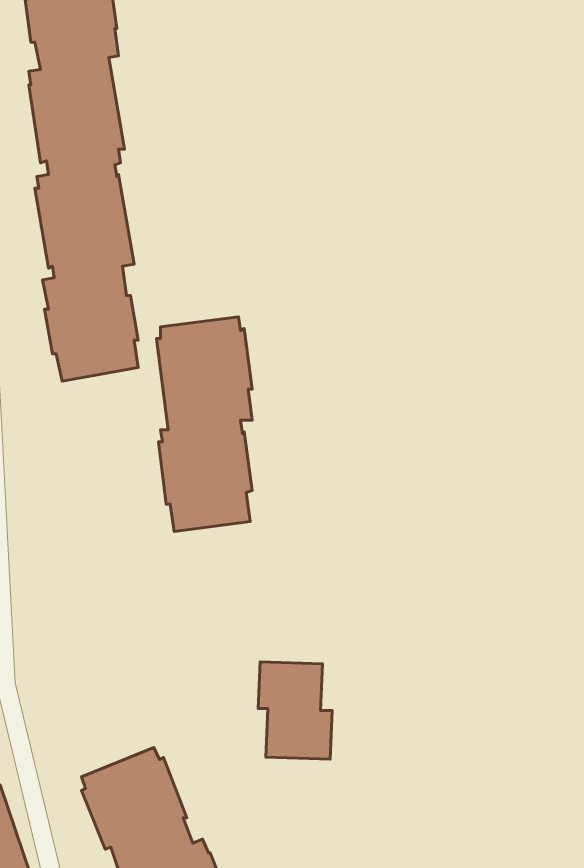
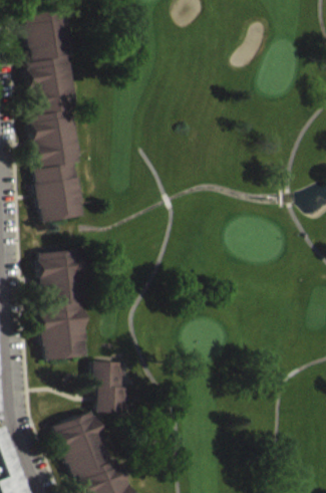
building: [157,317,252,531] -> [38,250,87,360]
building: [258,662,332,759] -> [92,363,130,414]

